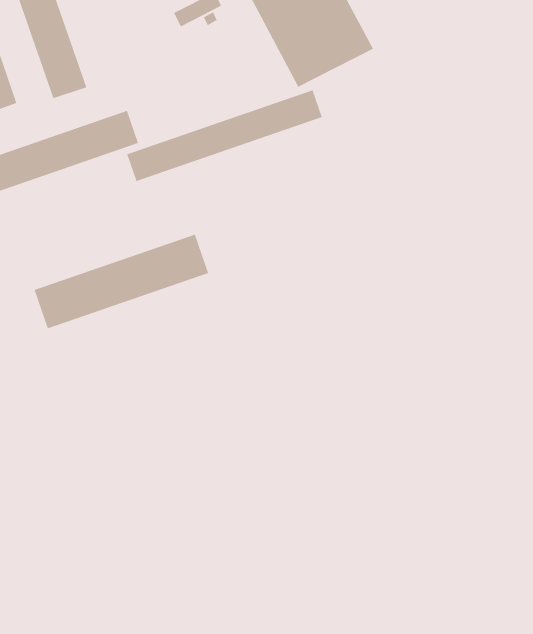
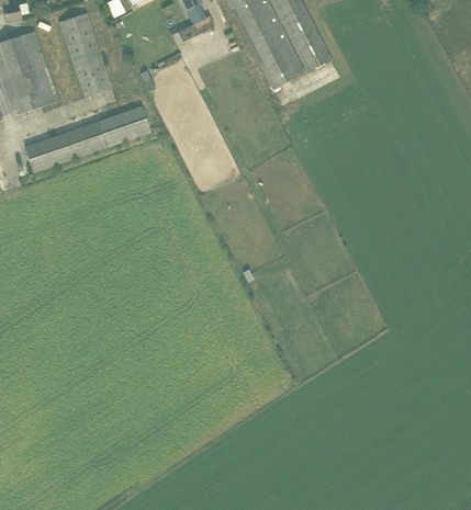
building: [127,90,322,182] -> none
building: [34,234,209,329] -> none

